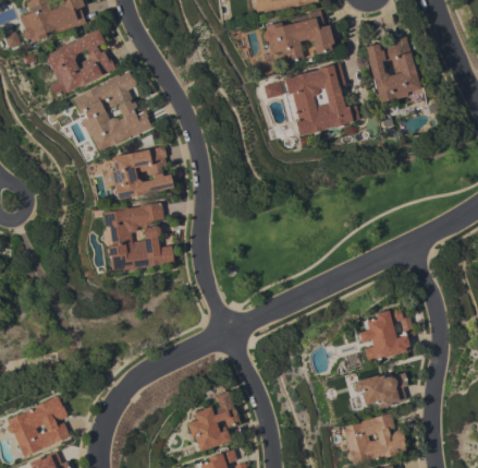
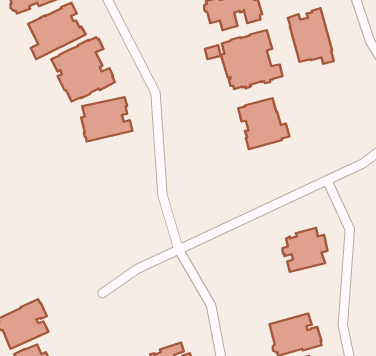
building: none -> [238,98,289,149]
building: [103,202,174,269] -> none
building: [354,372,409,408] -> none
building: [187,389,241,451] -> none

